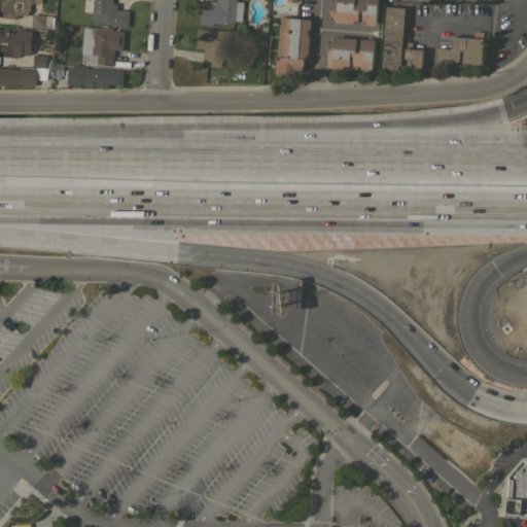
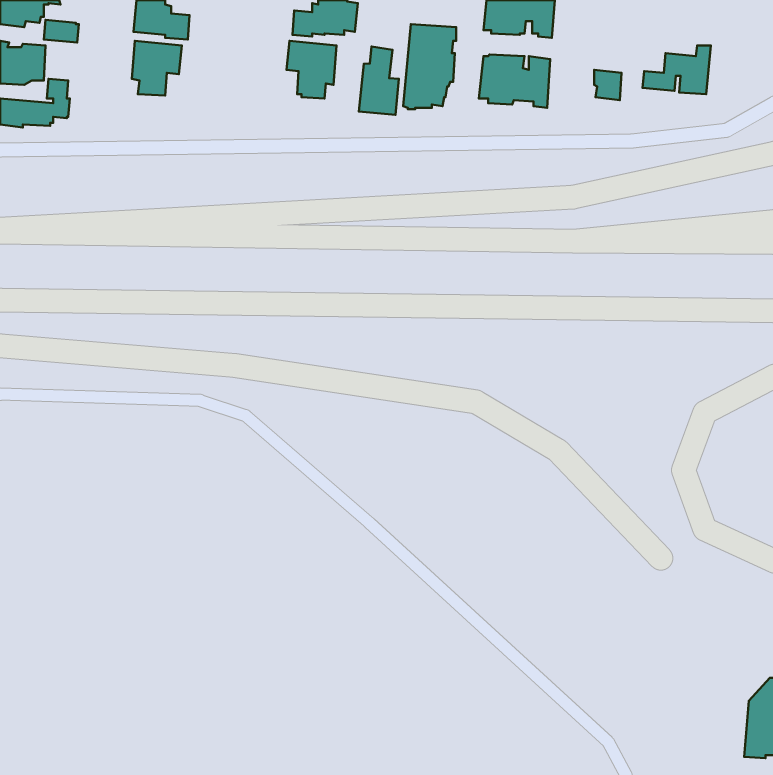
building: [382,6,406,71] -> none
building: none -> [359,46,399,115]
building: [67,66,124,85] -> none

